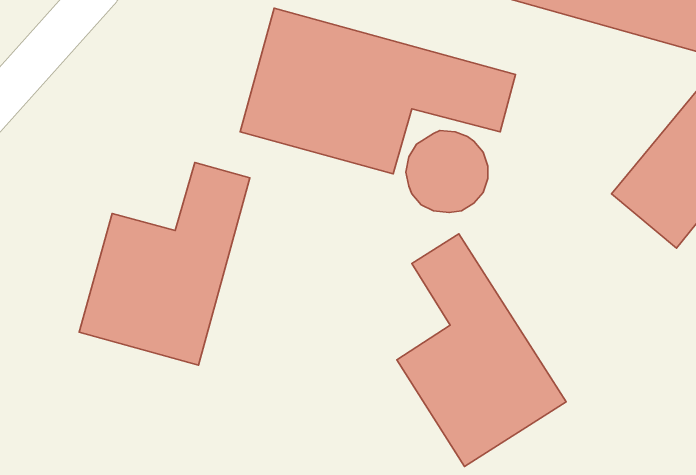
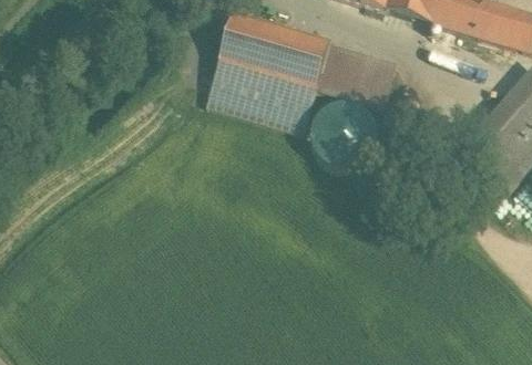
building: [79,163,250,365] -> none
building: [397,234,566,467] -> none

